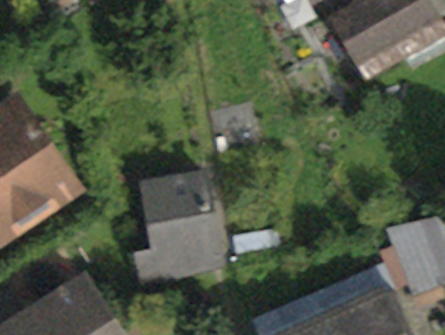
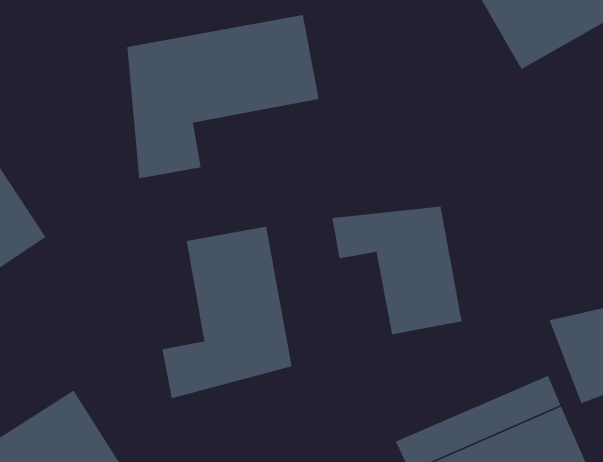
building: none -> [127,14,319,179]
building: none -> [332,206,463,335]

